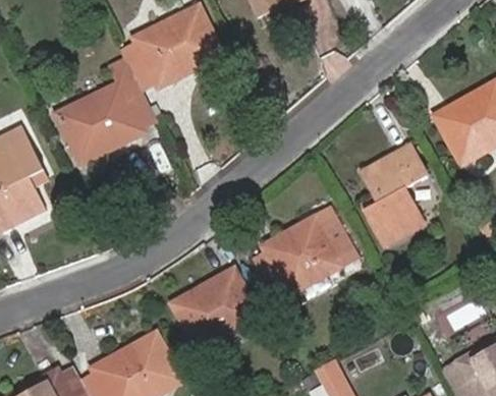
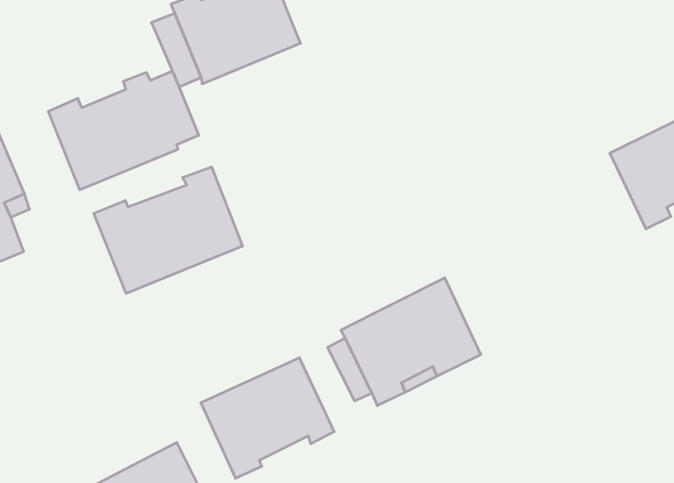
building: none -> [94,167,243,293]
building: [363,147,426,244] -> none

